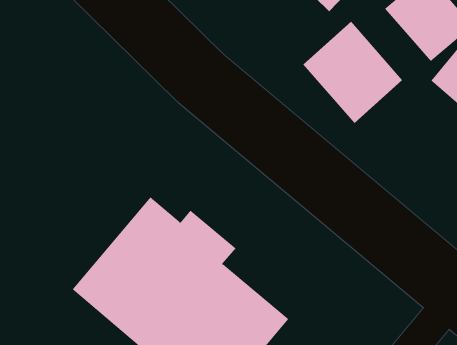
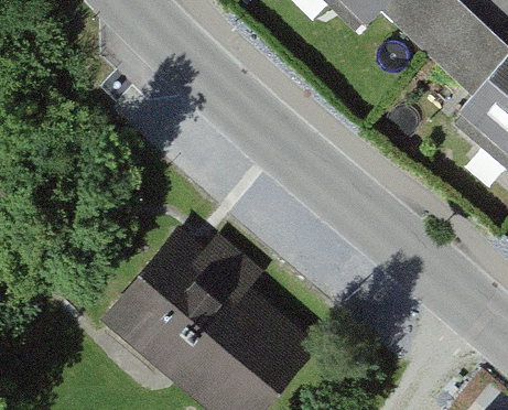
building: [303,21,403,124] -> none

